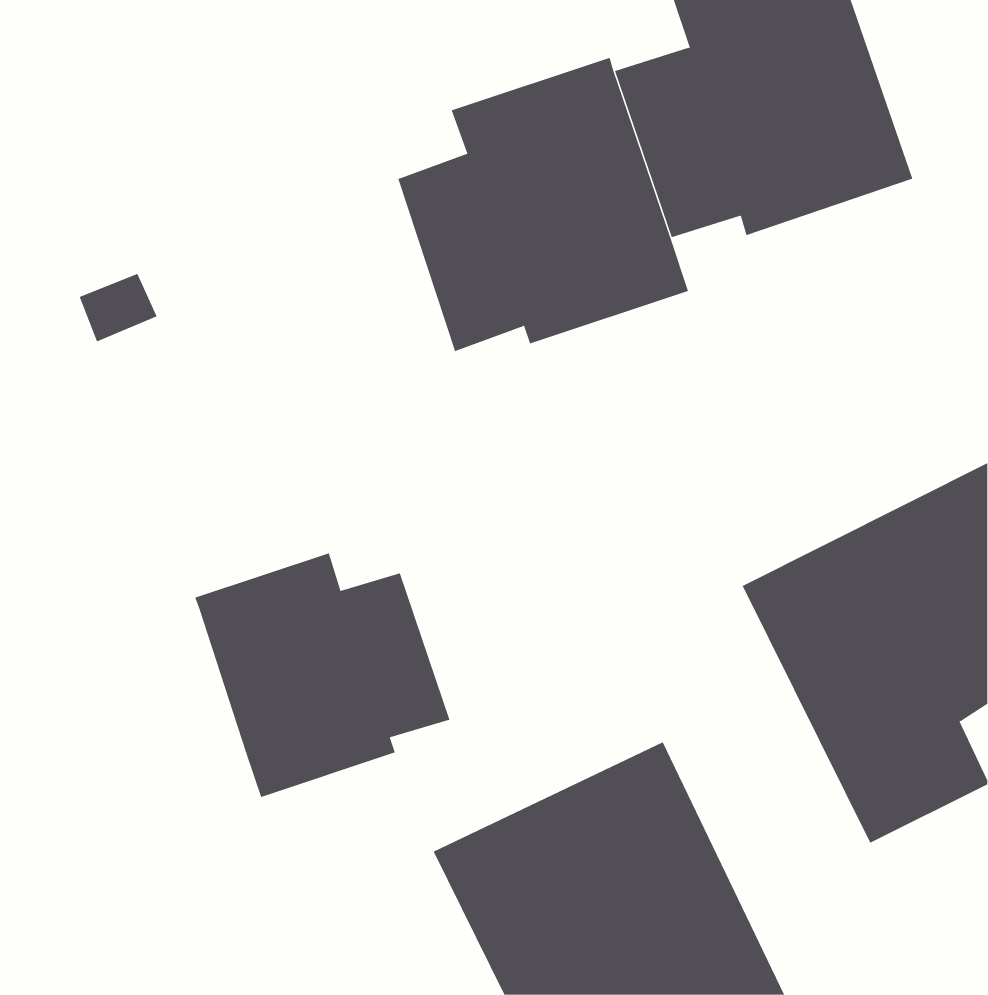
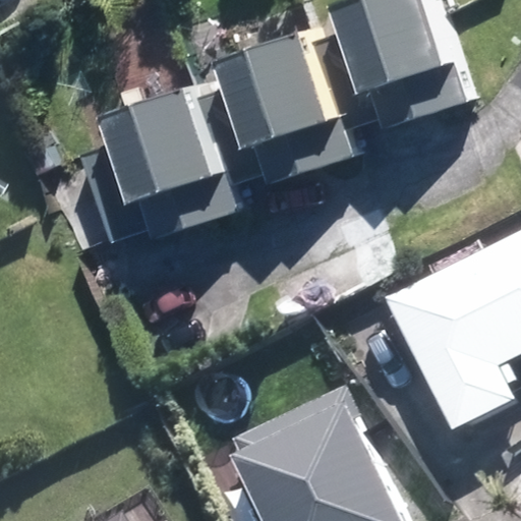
building: none -> [86,80,244,240]
building: [194,552,450,798] -> none

